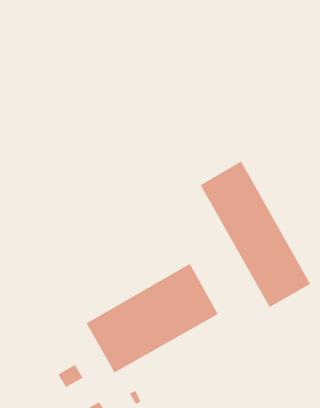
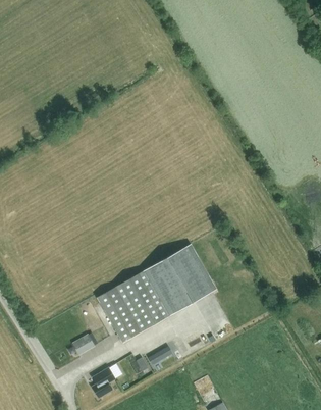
building: [200,161,311,308] -> none

